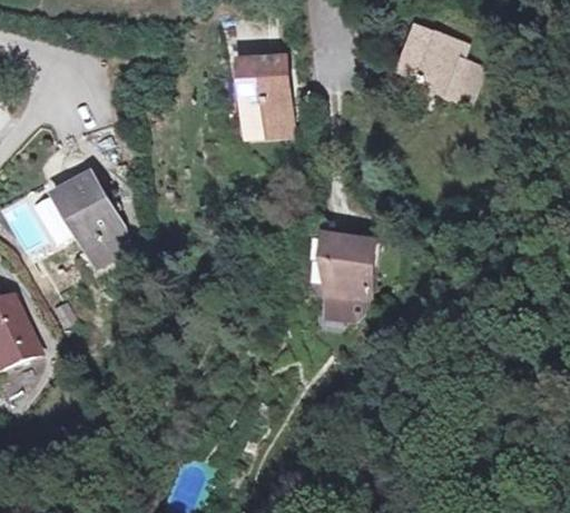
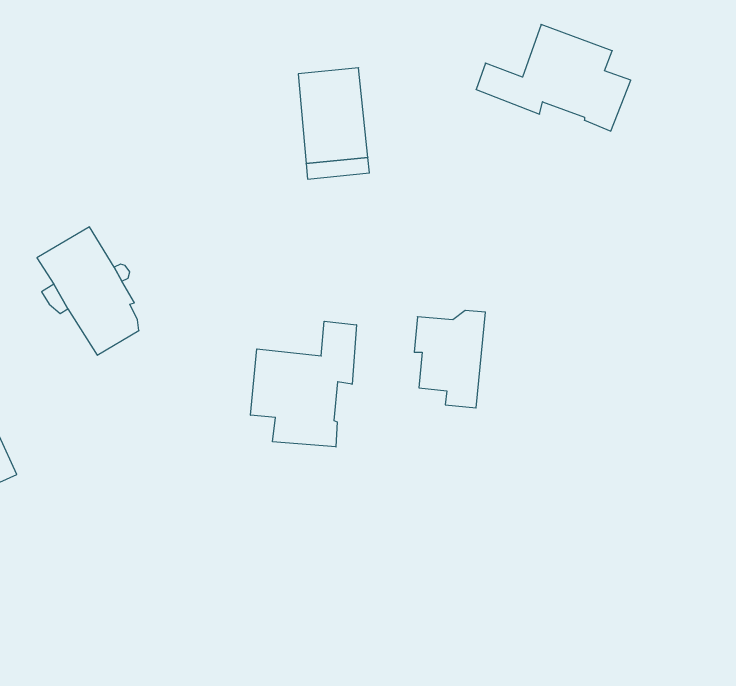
building: none -> [251,321,356,447]
building: [324,286,368,318] -> none

